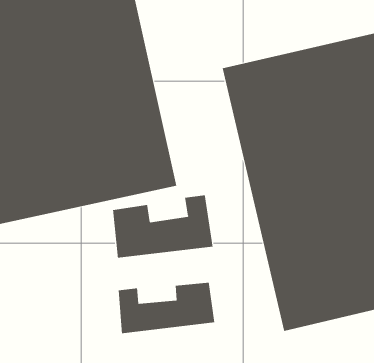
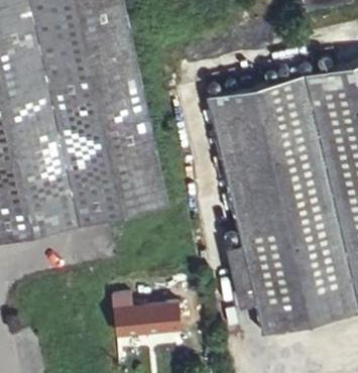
building: [112,195,213,259] -> none

